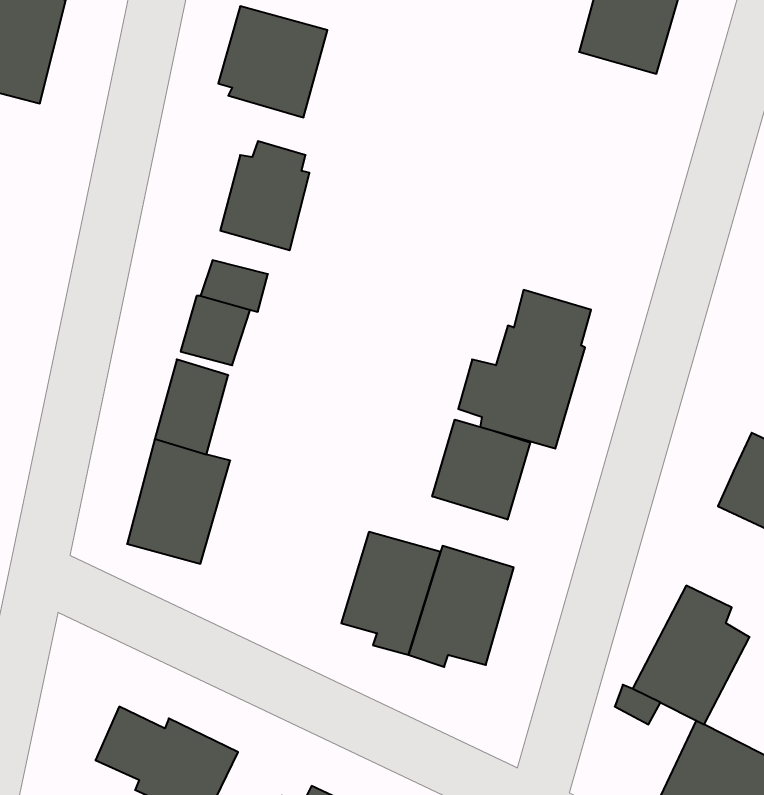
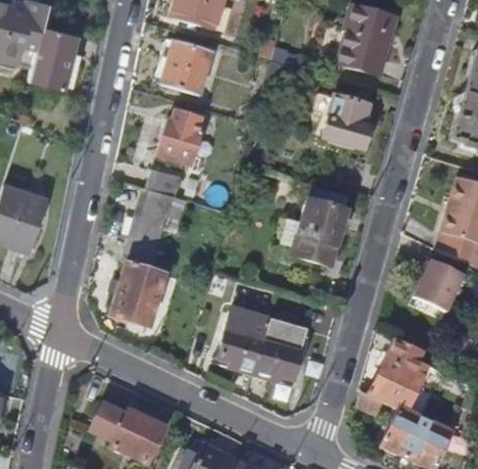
building: none -> [324,96,371,149]
building: [432,420,530,520] -> none

